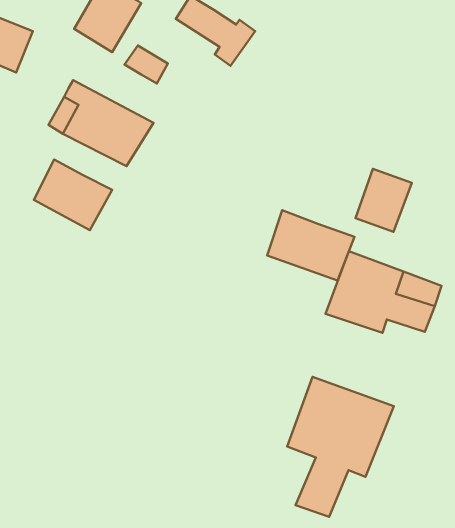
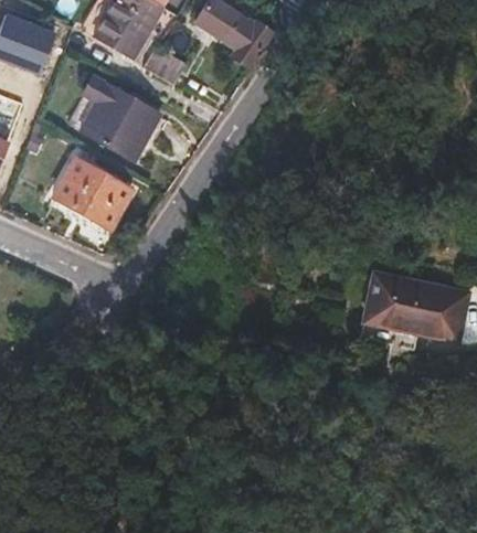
building: [355,169,412,232] -> none
building: [267,210,355,280] -> none
building: [287,377,394,517] -> none

